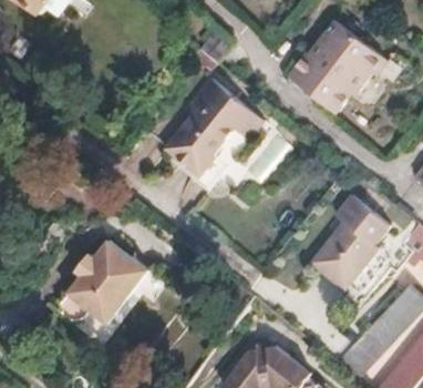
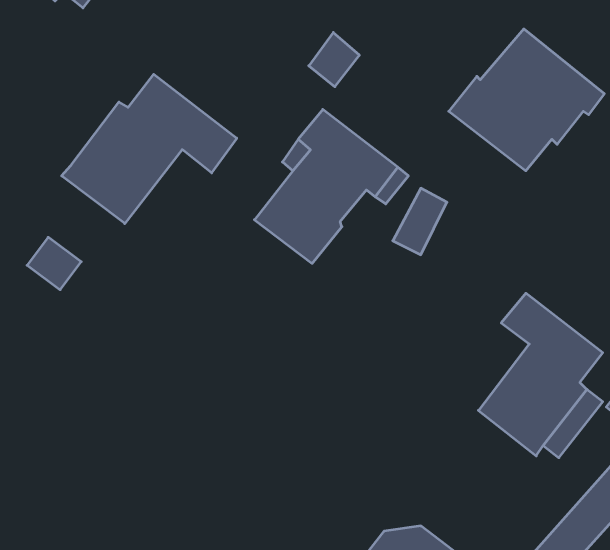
building: none -> [62,74,237,224]
building: [58,238,146,323] -> none

